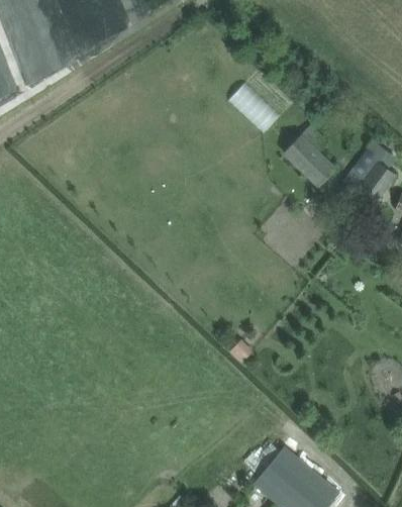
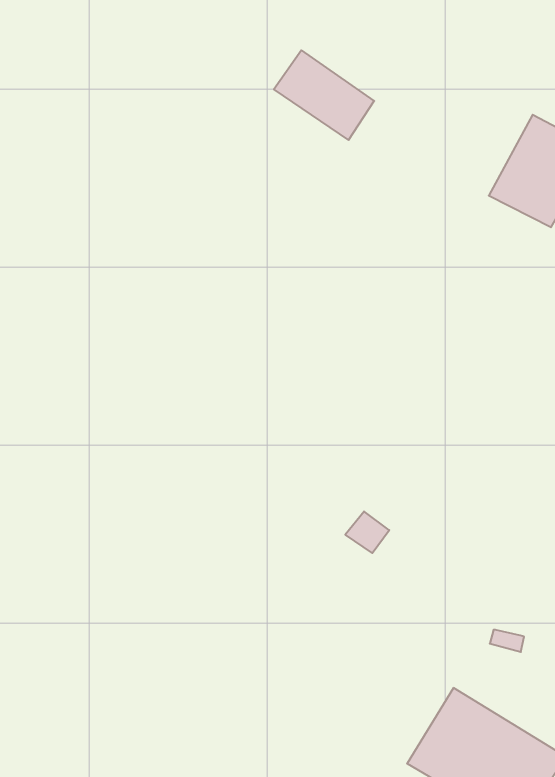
building: [282,125,335,187] -> none

